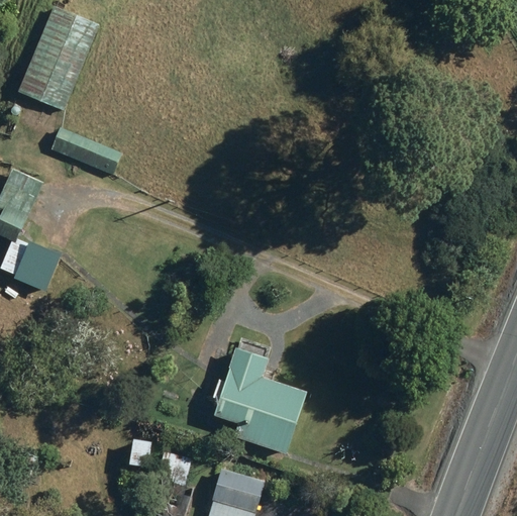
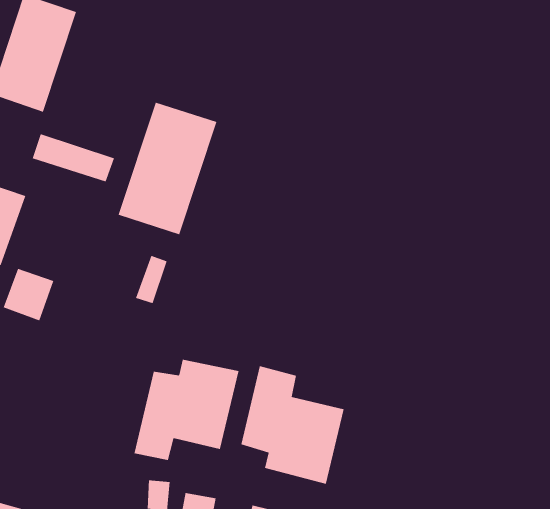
building: none -> [118,102,217,235]
building: none -> [134,359,239,461]

